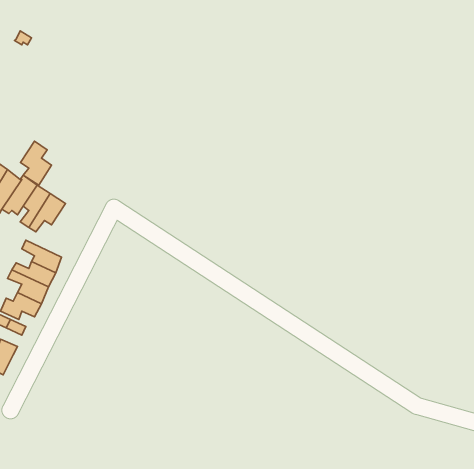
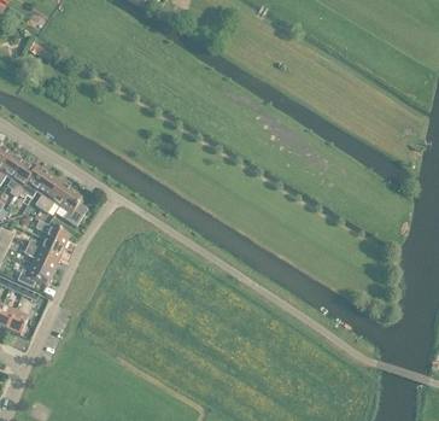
building: [20,141,51,185] -> [59,187,86,224]

